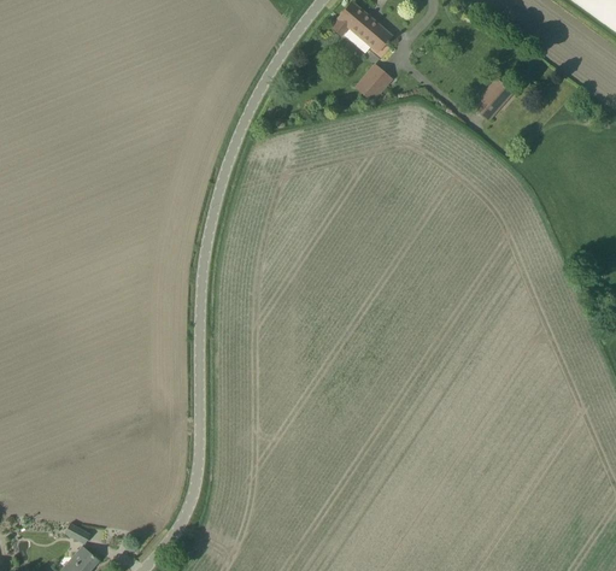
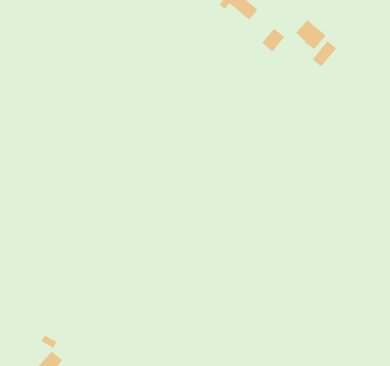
building: none -> [295,19,327,50]
building: [356,64,392,101] -> [261,28,285,52]

